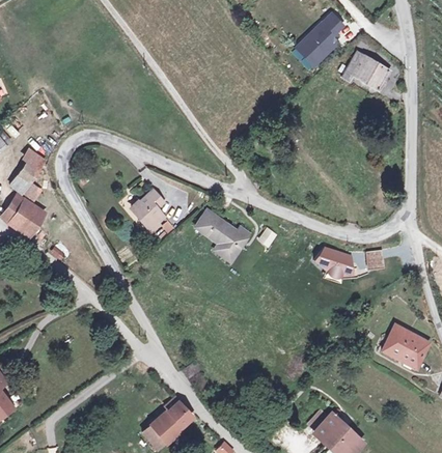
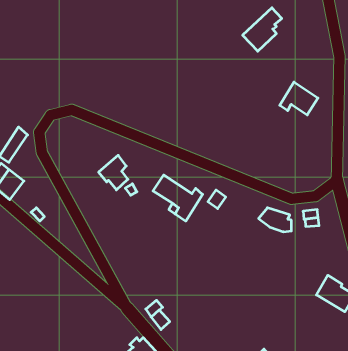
building: [341,51,386,89] -> [280,82,318,115]

